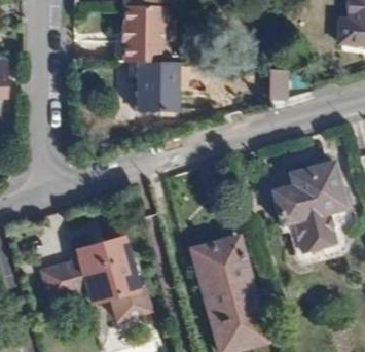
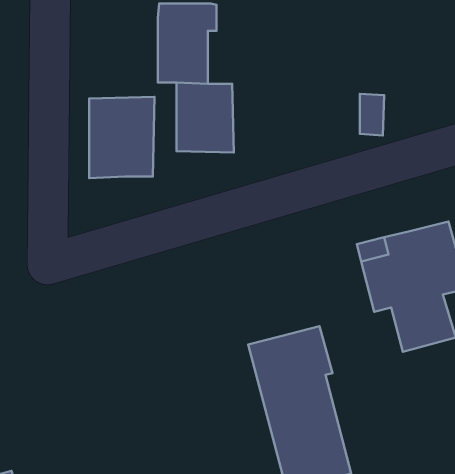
building: none -> [89,97,155,178]
building: [41,237,151,321] -> none

